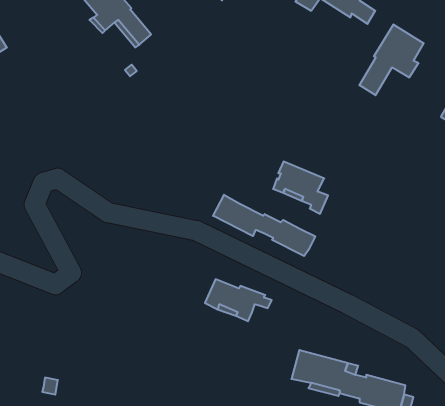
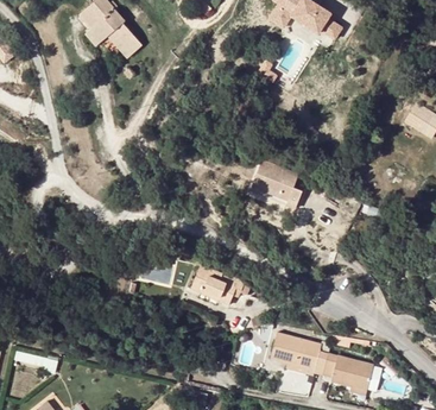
building: [359,24,424,95] -> none
building: [213,195,315,256] -> none

